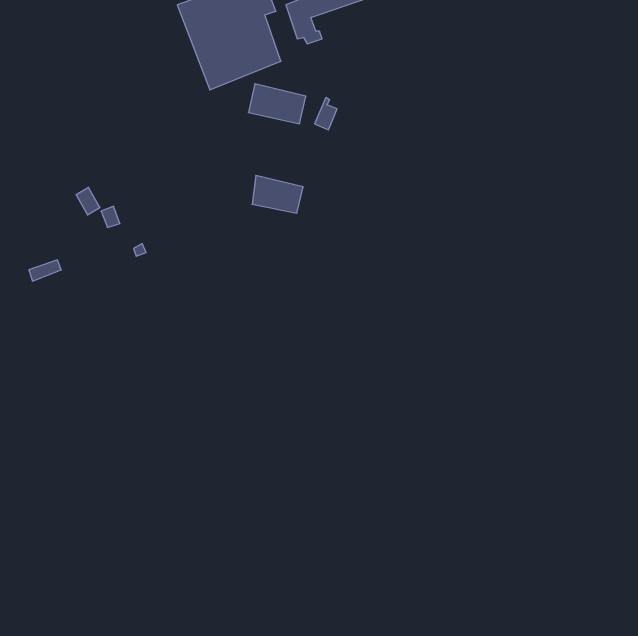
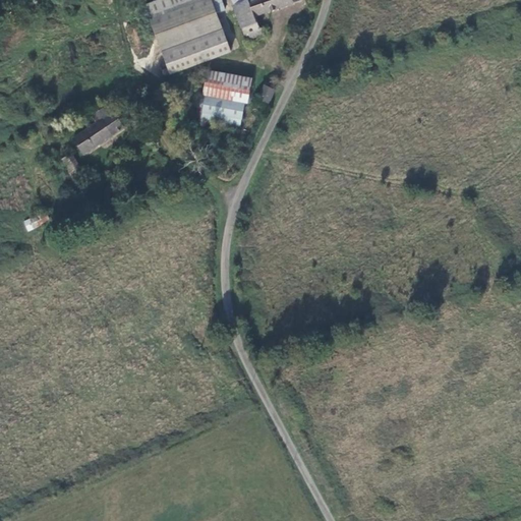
building: none -> [72,104,132,154]
building: [252,176,303,213] -> [201,96,243,126]

